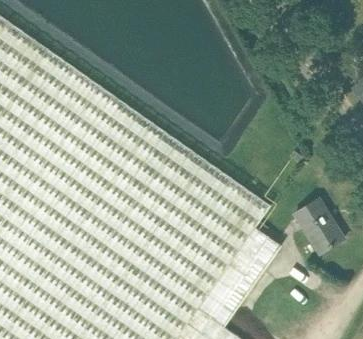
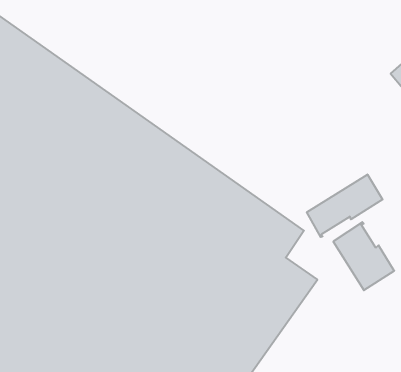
building: none -> [307,174,383,237]

